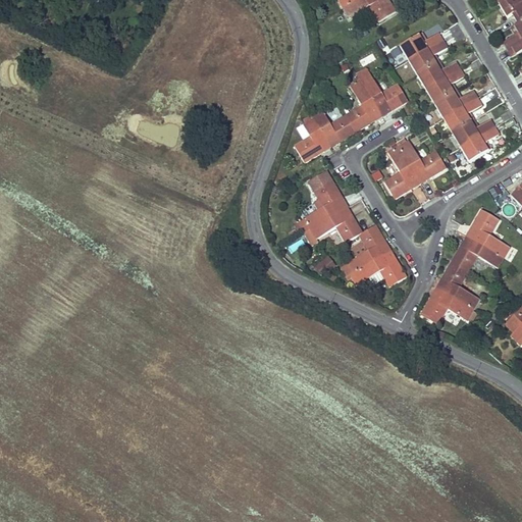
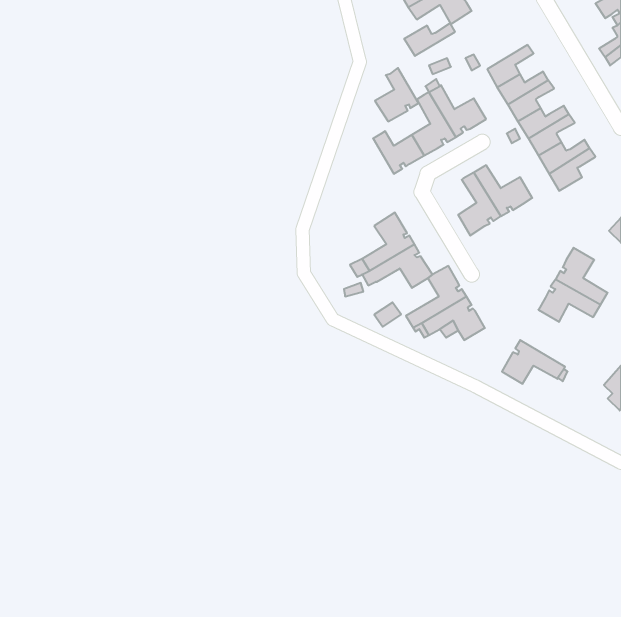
building: [400,31,442,58] -> [404,23,455,56]
building: [294,116,330,161] -> [375,68,419,121]
building: [436,260,480,308] -> none

